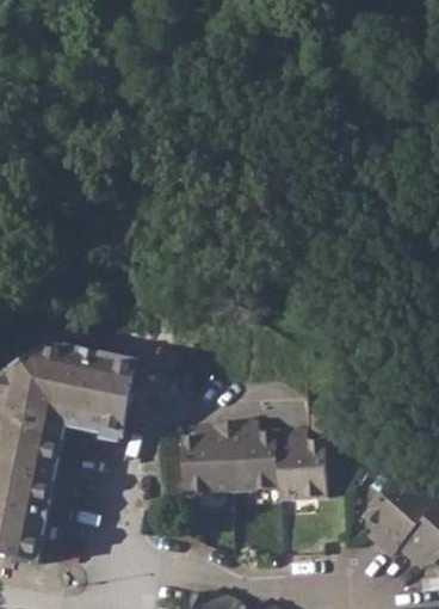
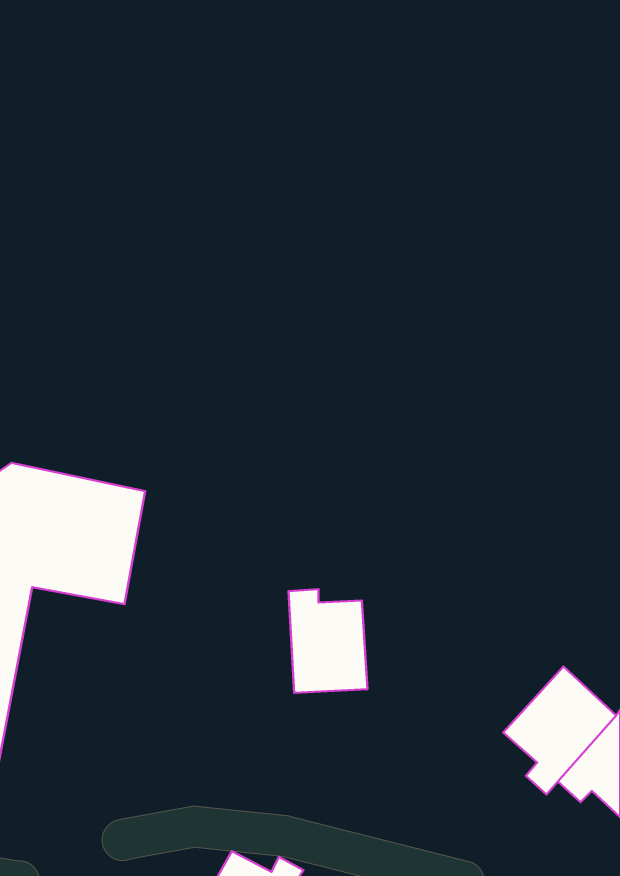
building: [175,426,228,493] -> none
building: [271,431,322,498] -> none

